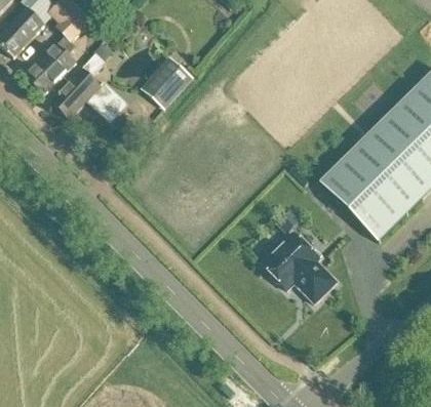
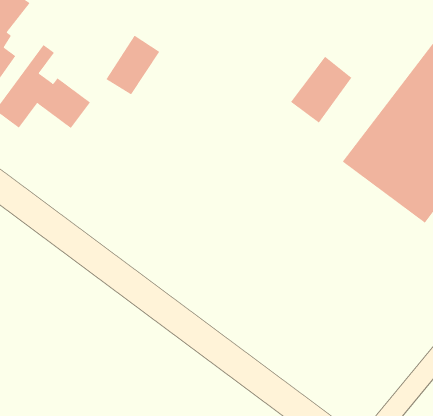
building: none -> [290,56,352,123]
building: [260,230,337,301] -> none

